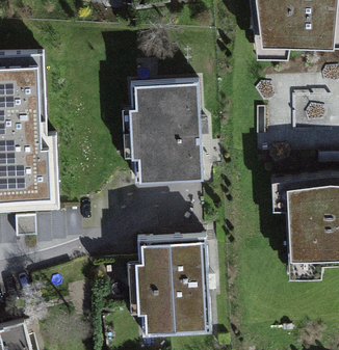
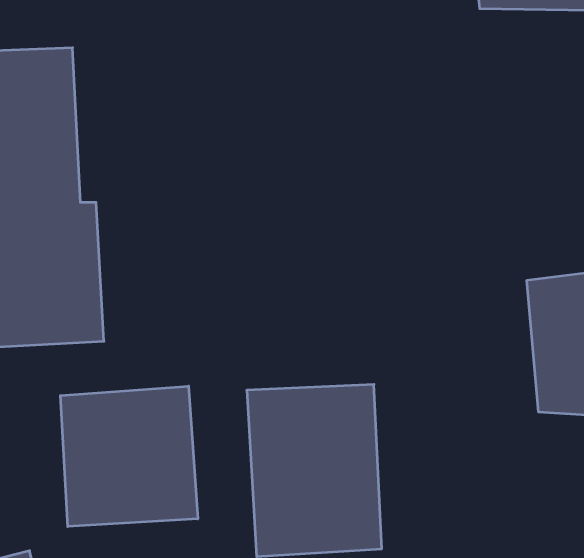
building: [129,82,203,183] -> none
building: none -> [60,386,198,527]

